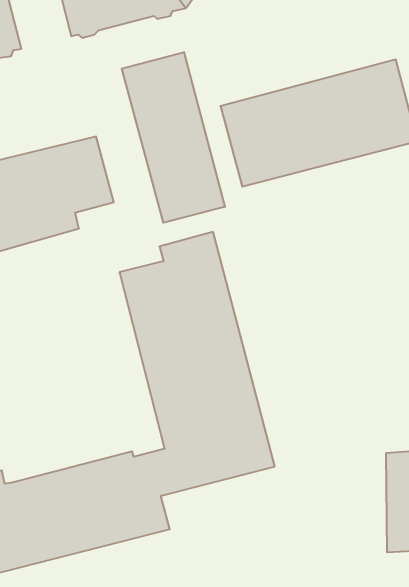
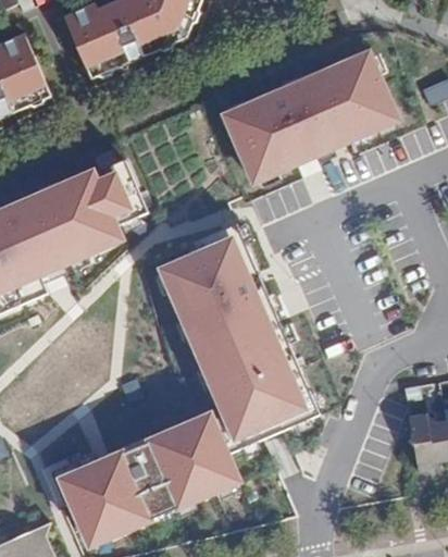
building: [122,52,225,223] -> none

